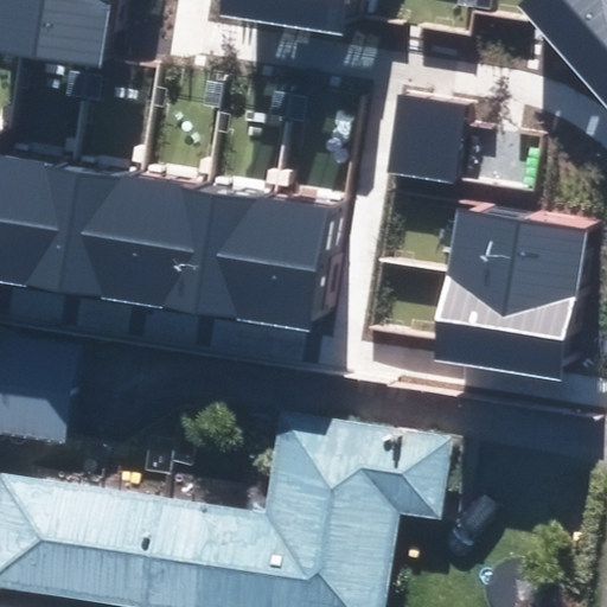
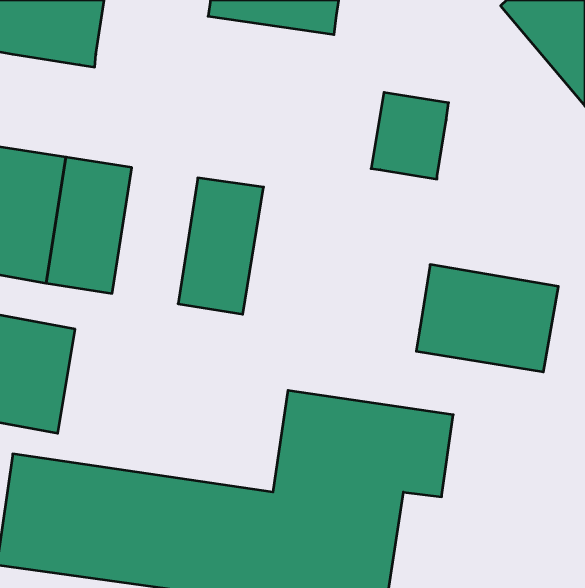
building: [115,174,203,314] -> none
building: [249,194,334,334] -> none
building: [441,203,584,296] -> none

